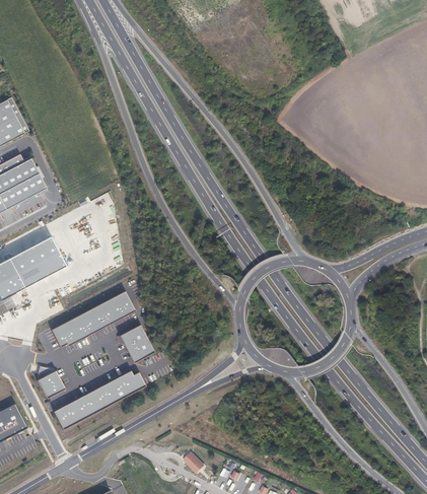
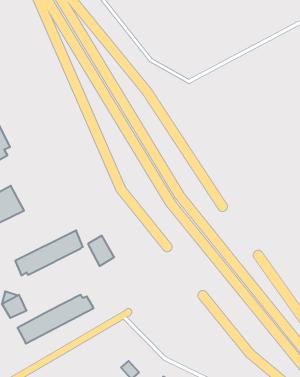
building: [121,325,153,362] -> [88,236,114,266]

